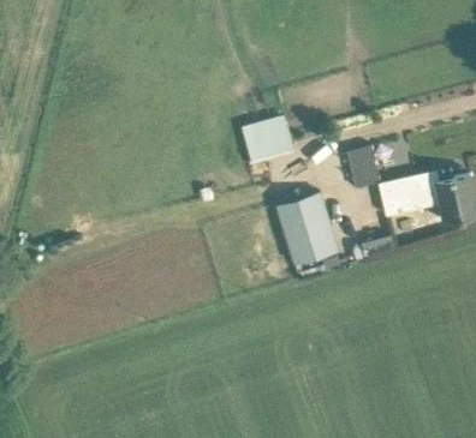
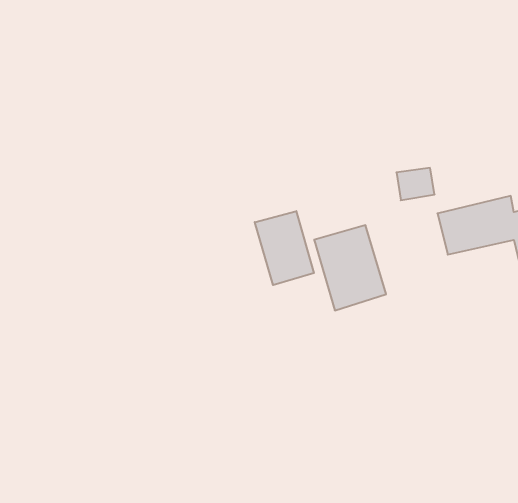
building: [257,114,294,152] -> none
building: none -> [255,211,314,285]

